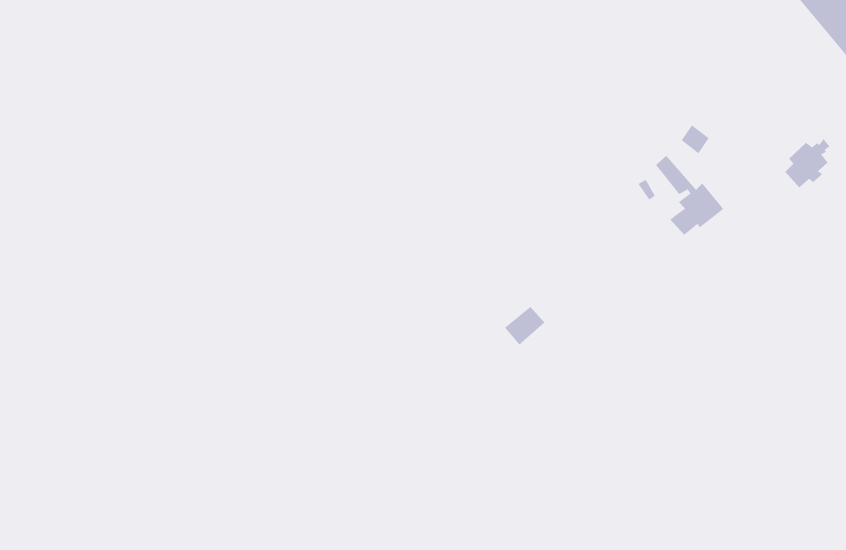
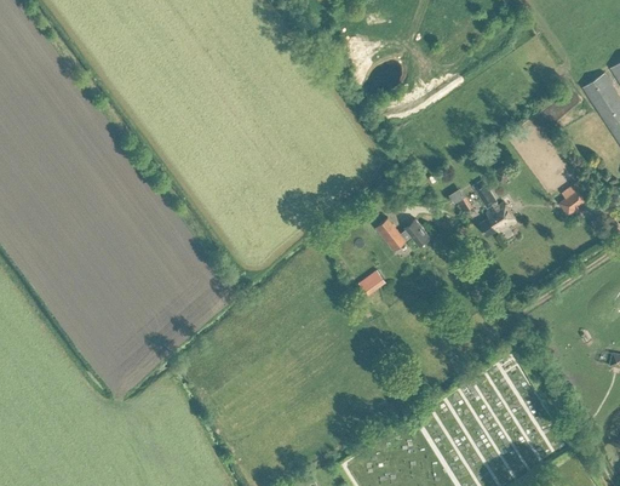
building: none -> [375,218,430,252]

